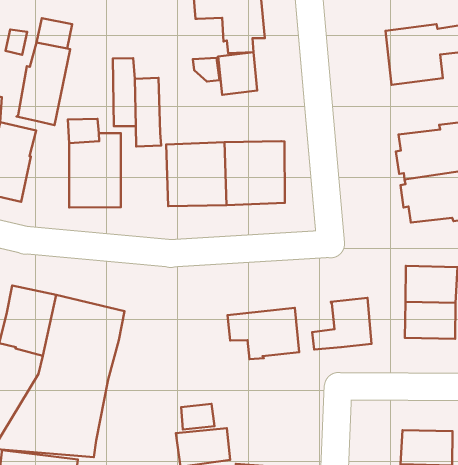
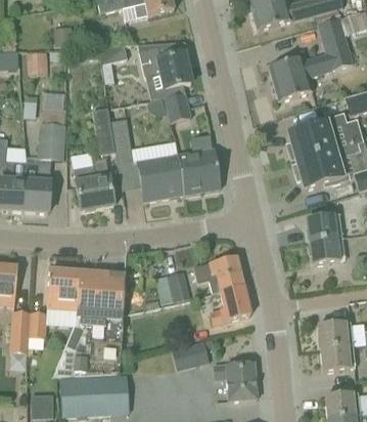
building: [312,298,372,350] -> [211,284,250,323]
building: none -> [155,270,190,302]

